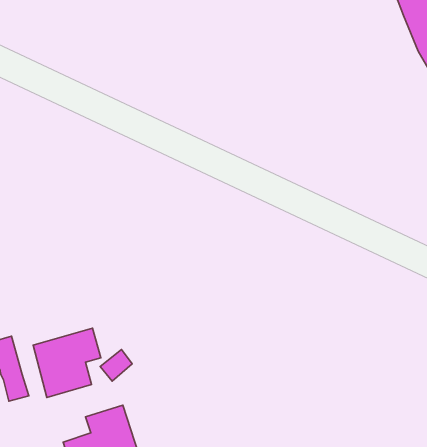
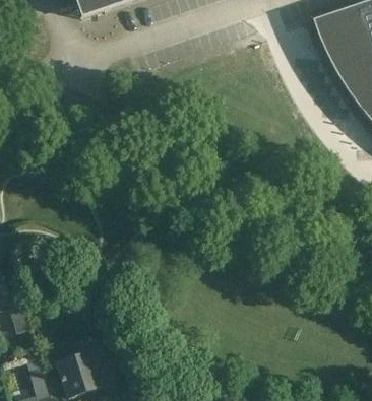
building: [33,328,101,398] -> none

